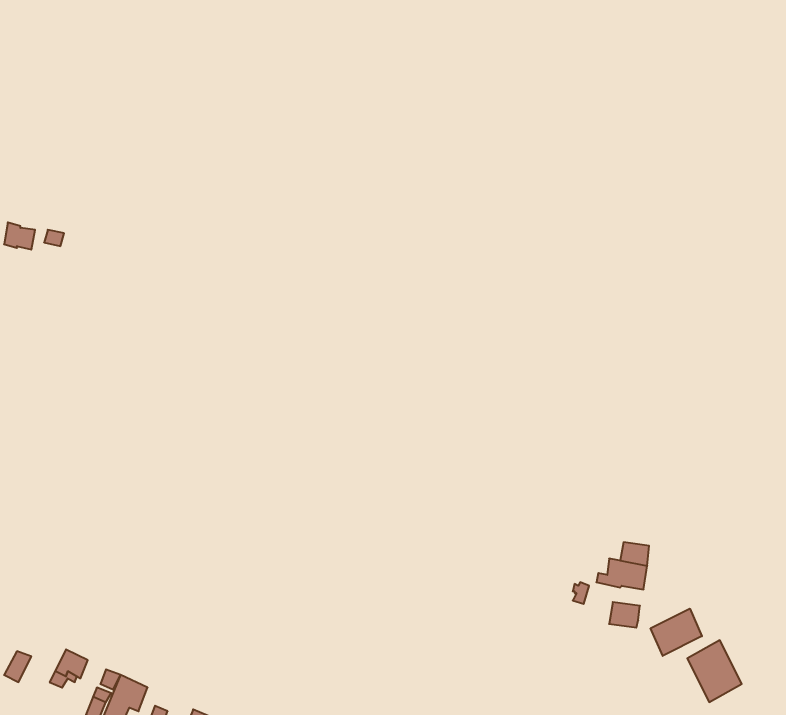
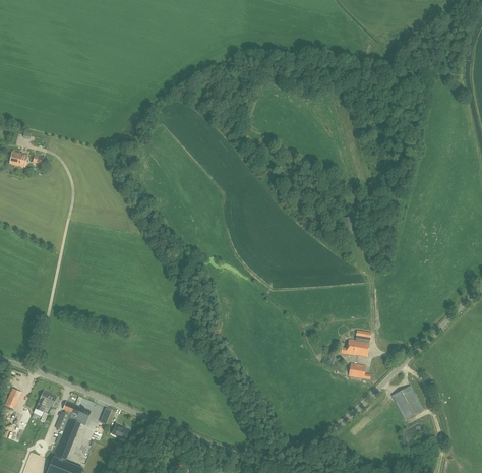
building: [651,609,702,656] -> none

